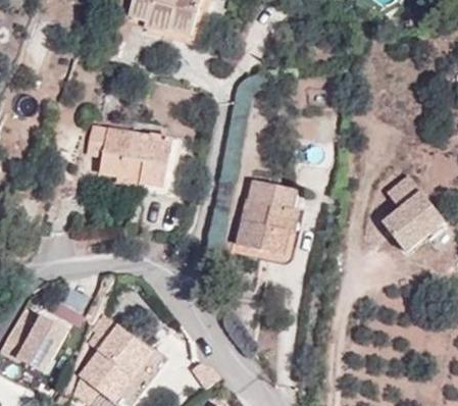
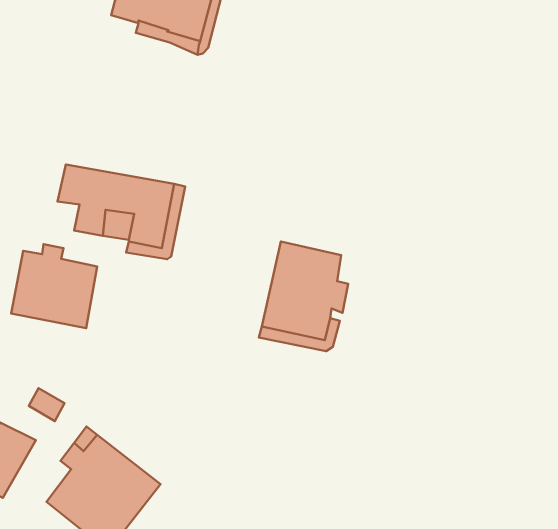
building: [381,175,446,261] -> none
building: none -> [11,244,97,328]

